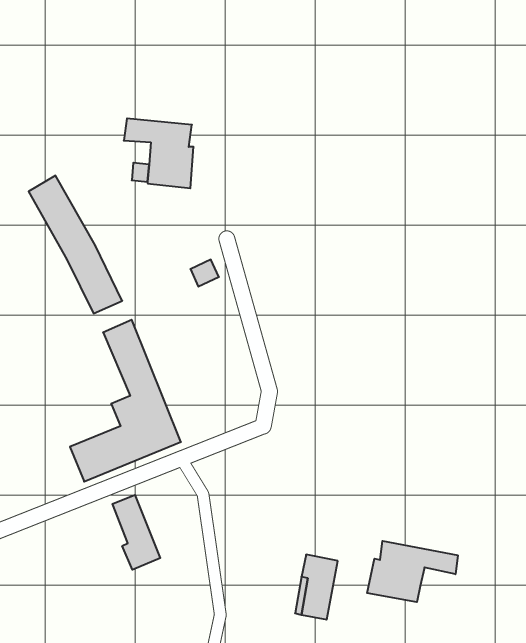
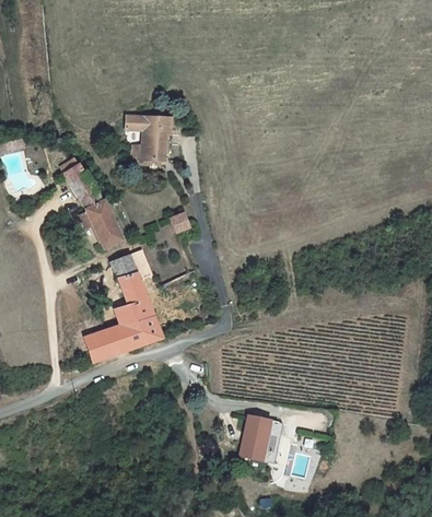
building: [112,495,160,570] -> none
building: [367,541,458,602] -> none

